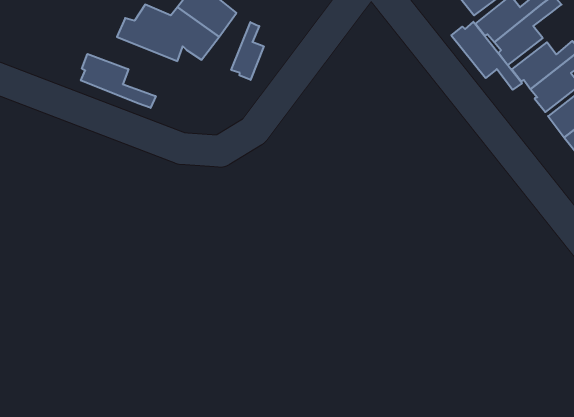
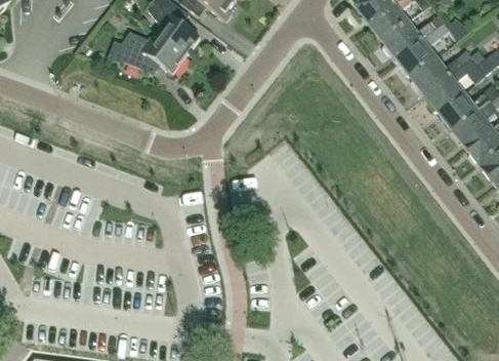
building: [451,22,522,90] -> none
building: [231,22,264,80] -> none
building: [81,54,156,108] -> none

